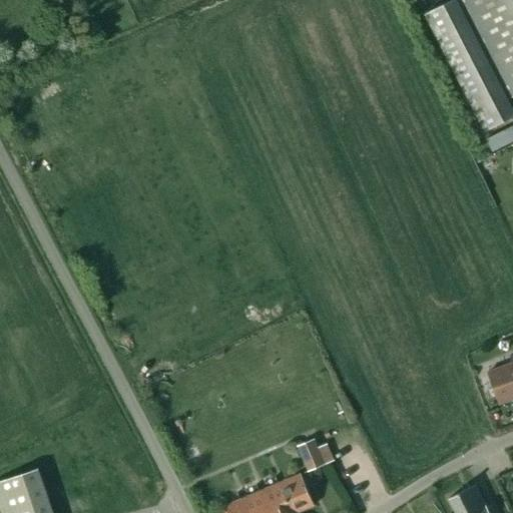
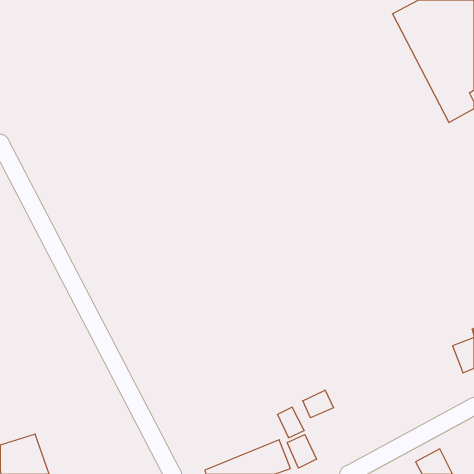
building: none -> [303,390,334,418]
building: none -> [287,435,317,468]

